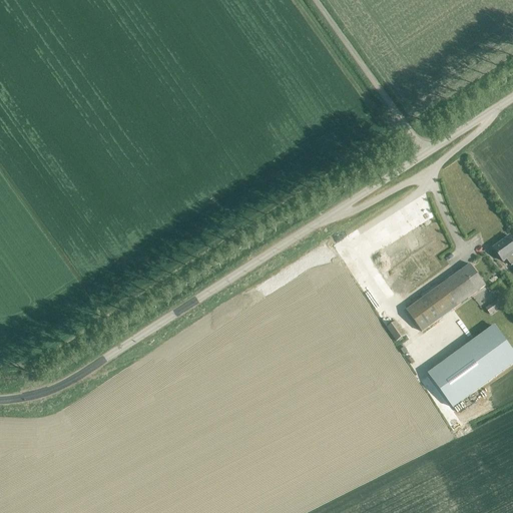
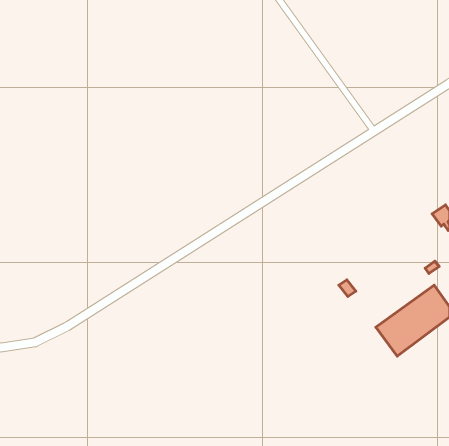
building: [407,261,486,330] -> none

